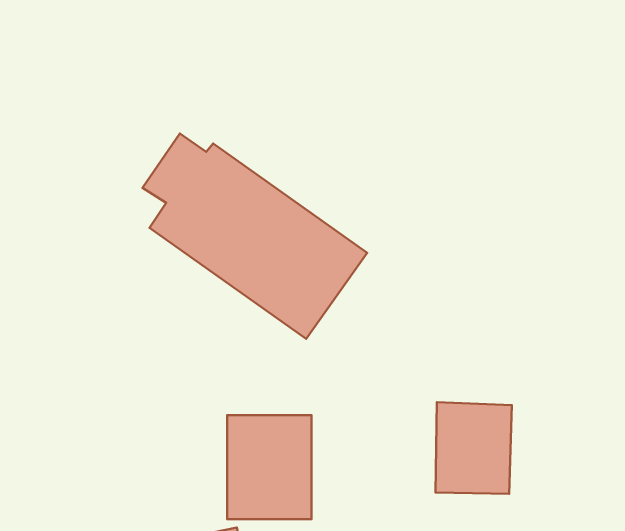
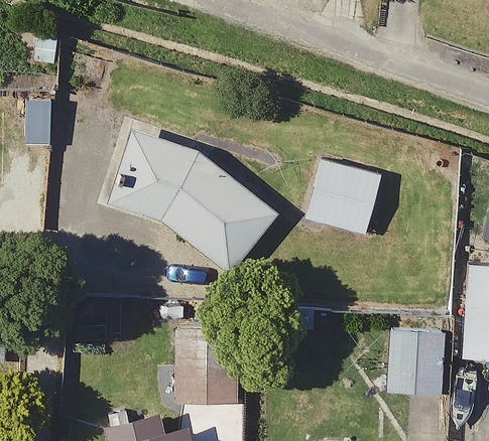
building: none -> [303,160,381,237]
building: [436,402,512,494] -> [388,329,444,396]

